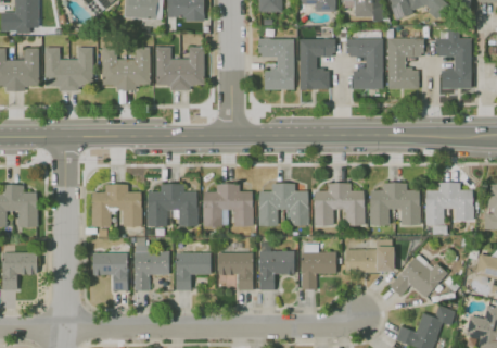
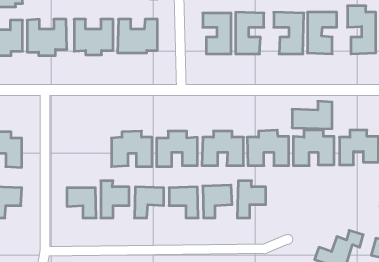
building: [92,185,142,227] -> none
building: [345,239,394,273] -> [292,101,332,129]
building: [390,253,448,299] -> none

